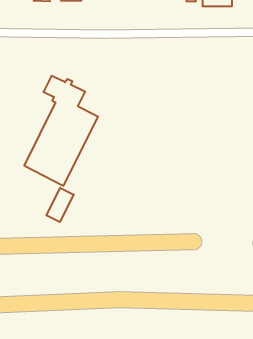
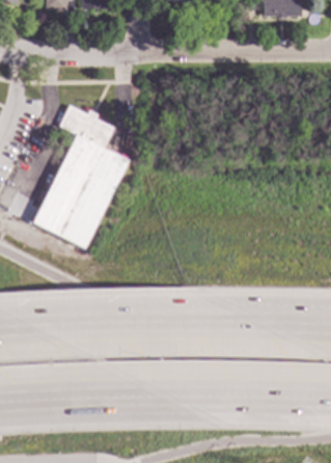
building: [46,188,74,222] -> none

